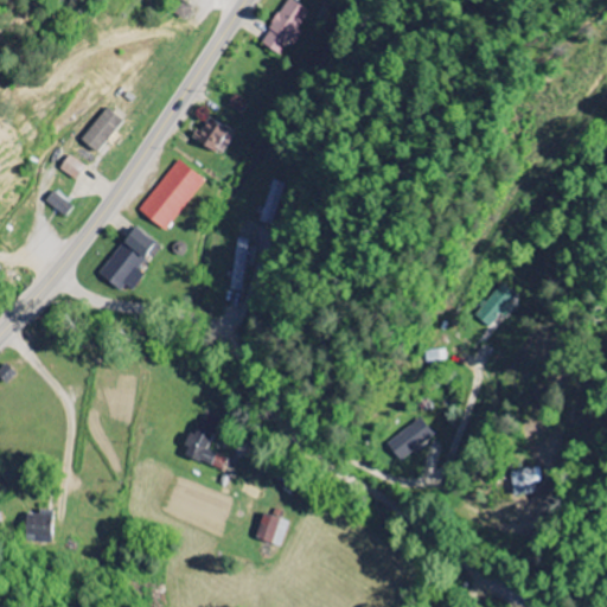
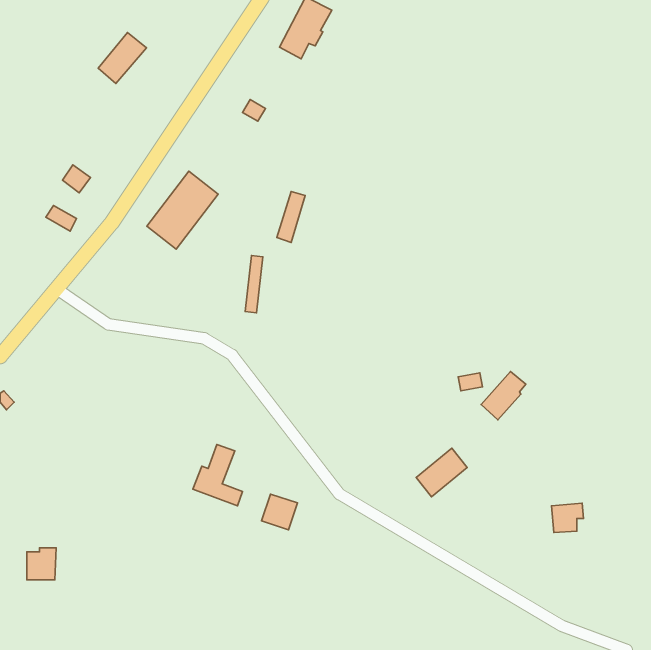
building: [79,106,124,153] -> [98,32,147,84]
building: [192,115,235,155] -> none
building: [98,226,155,295] -> none
building: [475,282,517,327] -> [481,371,526,420]
building: [254,511,287,544] -> [262,494,297,530]

